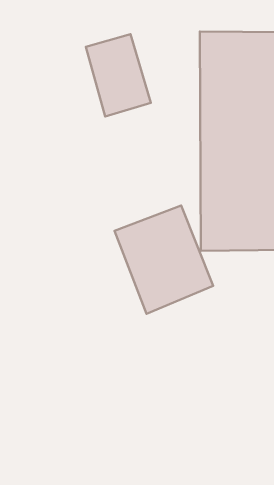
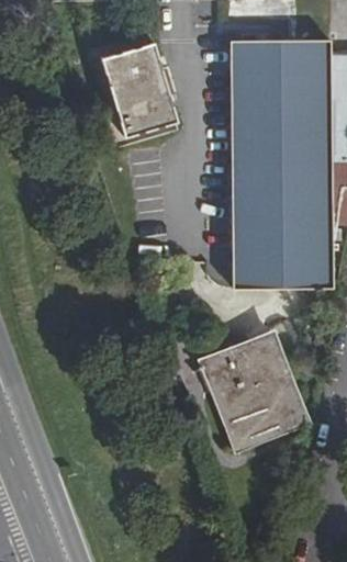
building: [114,206,213,314] -> [194,331,306,454]

